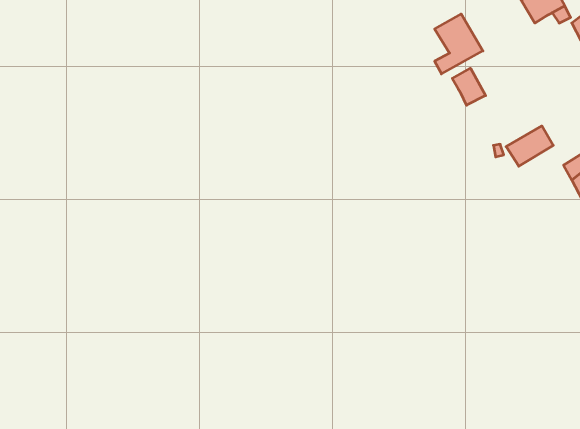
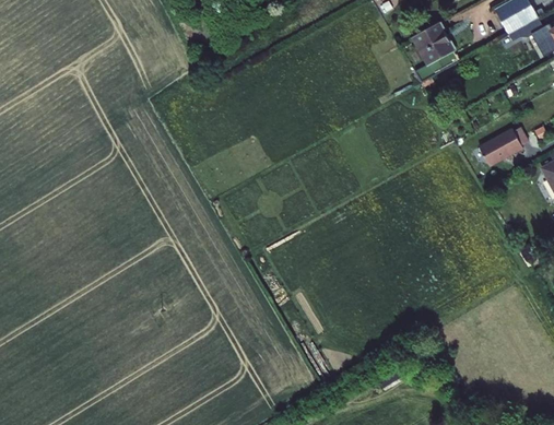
building: [452,68,486,105] -> none

